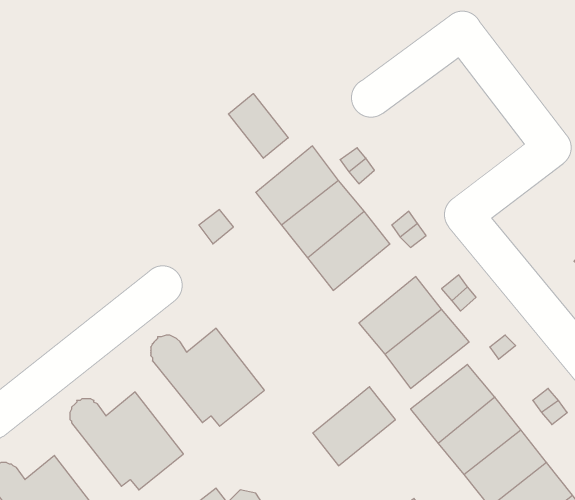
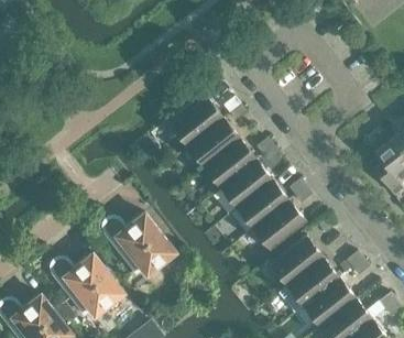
building: [228,94,288,158] -> none
building: [313,387,395,466] -> [219,159,272,209]

